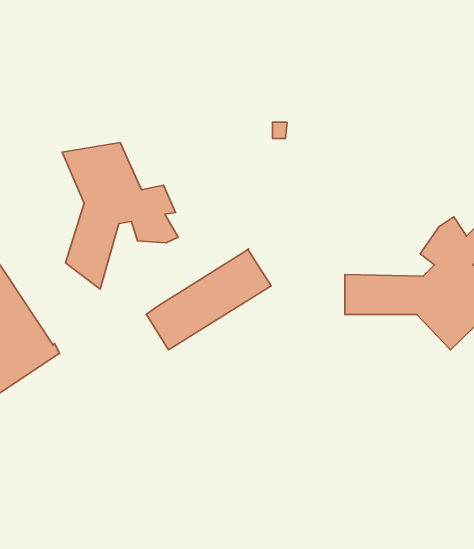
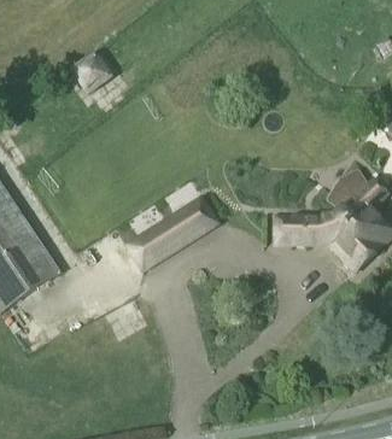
building: none -> [71,49,113,90]
building: [62,142,178,289] -> none

